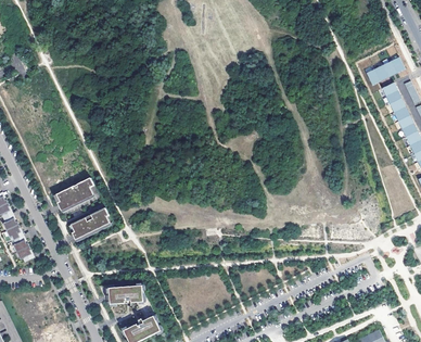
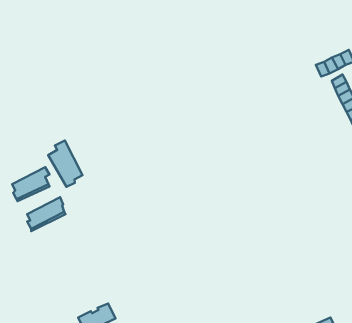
building: none -> [48,141,82,187]
building: [107,284,142,303] -> none

